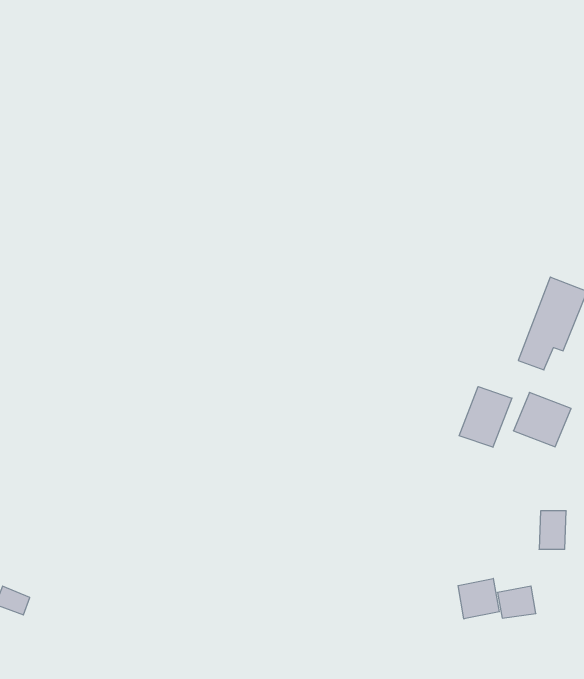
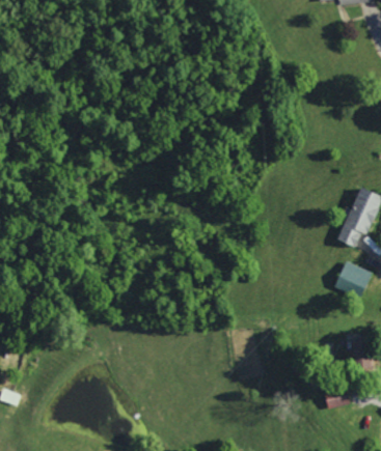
building: [459,387,512,447] -> none
building: [458,578,499,619] -> none

